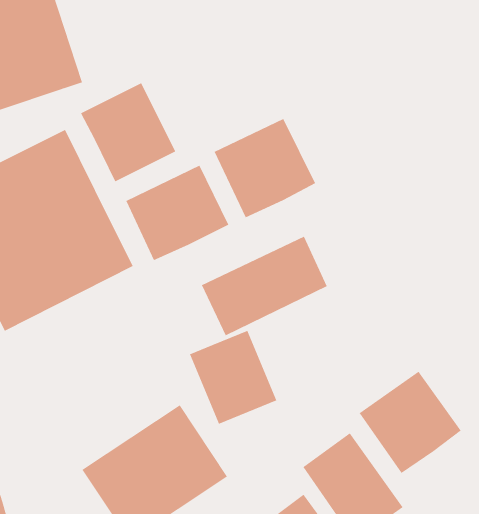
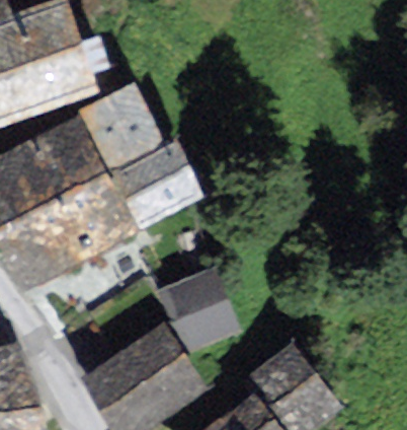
building: [214,118,316,218] -> none
building: [201,236,328,336] -> none
building: [359,371,461,474] -> none

